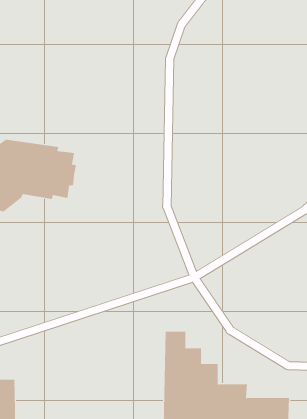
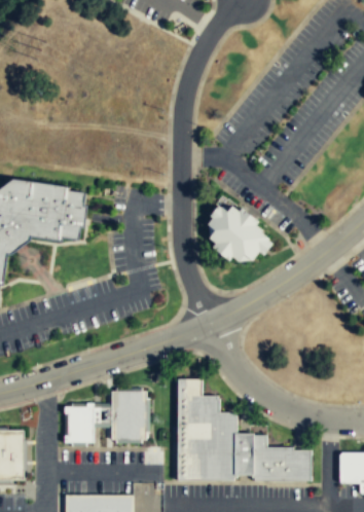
building: none -> [208,204,269,260]
building: none -> [65,388,148,445]

